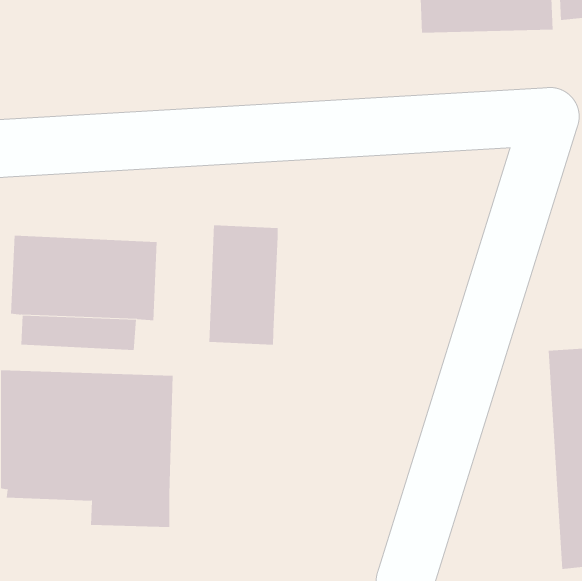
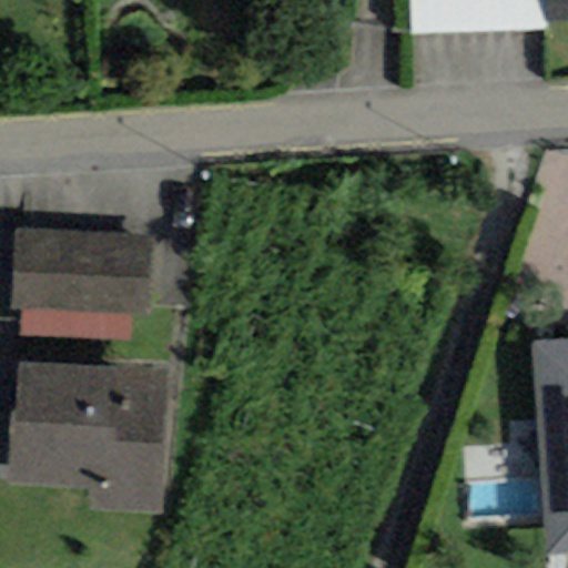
building: [209,225,278,345] -> none

